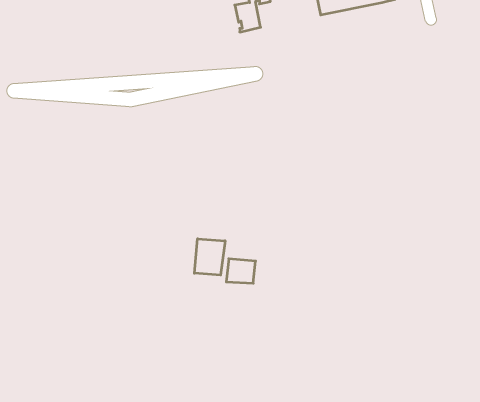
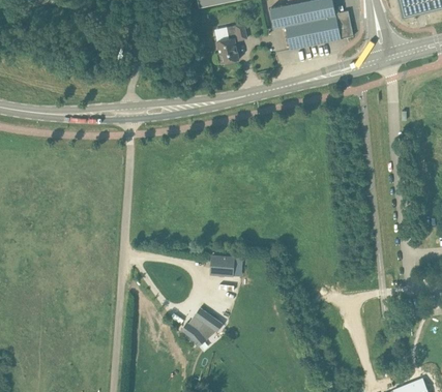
building: [194,239,225,275] -> none
building: none -> [180,308,222,346]

